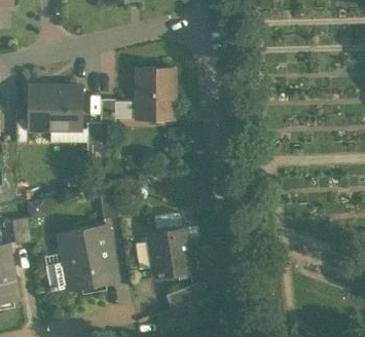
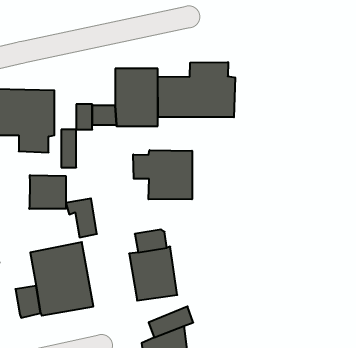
building: none -> [158,62,235,117]
building: none -> [133,150,192,199]
building: none -> [29,175,66,209]

